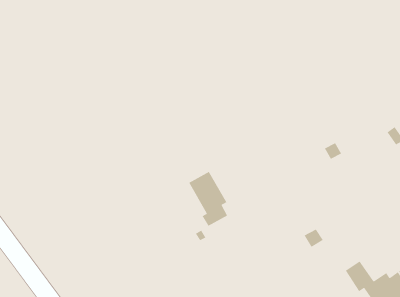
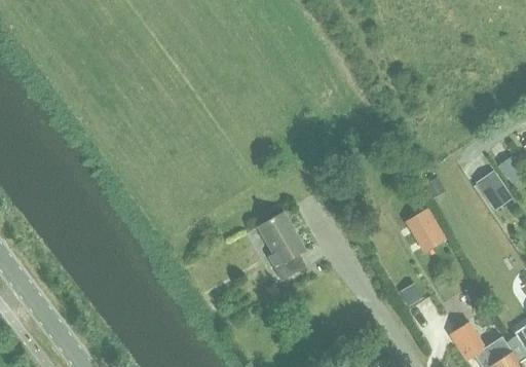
building: none -> [477,170,513,209]
building: none -> [407,209,446,251]

